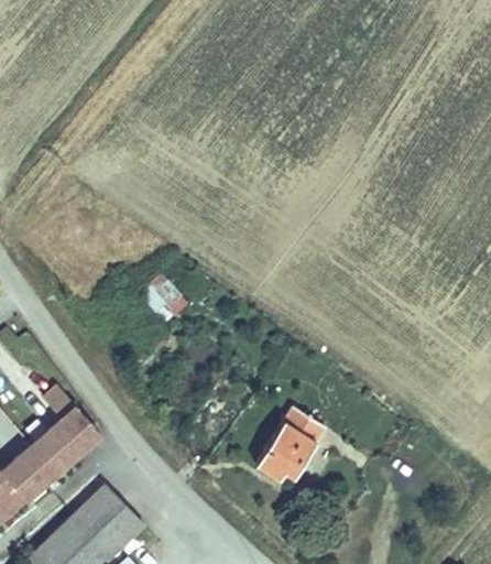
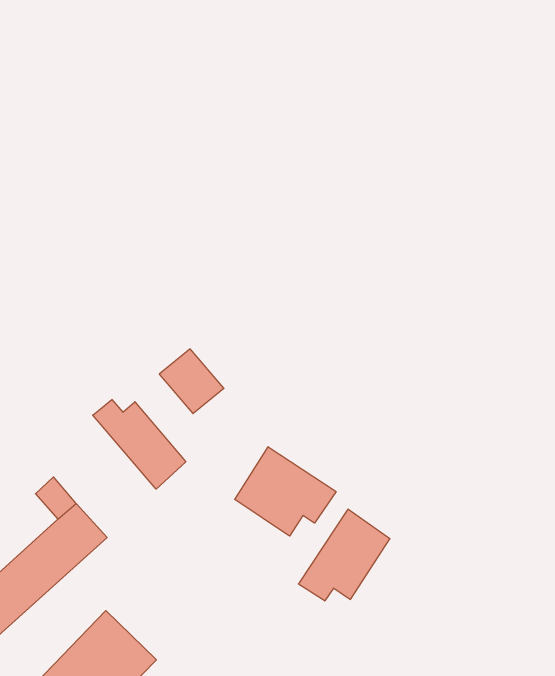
building: none -> [93,400,186,489]
building: none -> [235,447,336,536]

